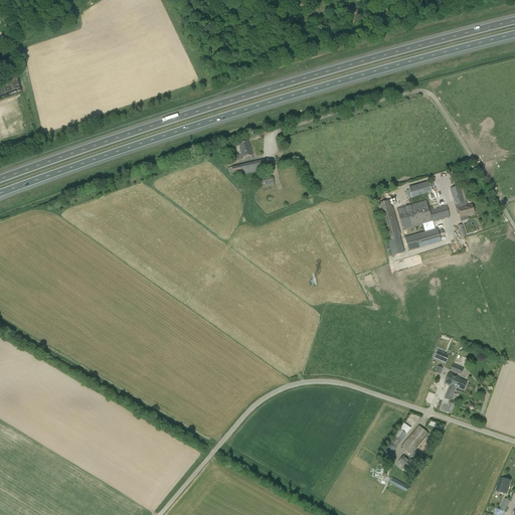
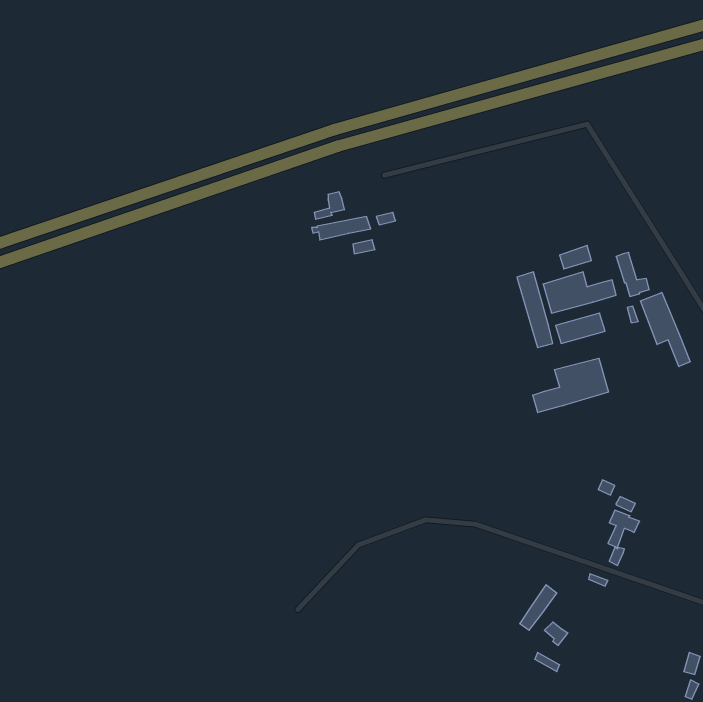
building: none -> [640,292,690,367]
building: none -> [533,358,608,413]
building: [401,423,430,454] -> none

